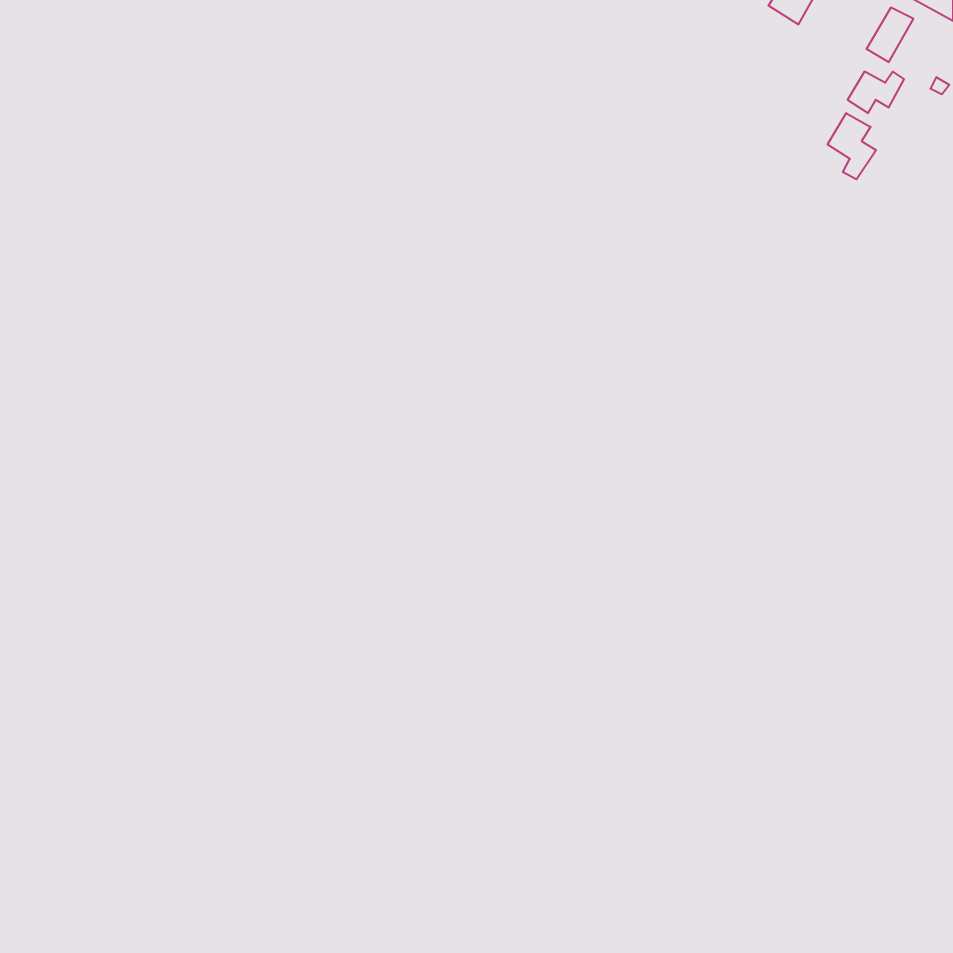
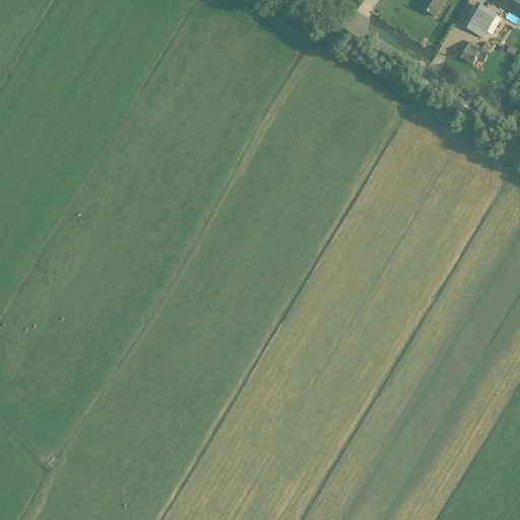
building: [828,113,876,179] -> none

